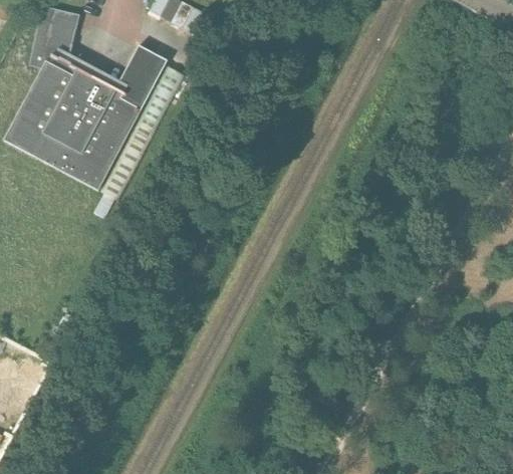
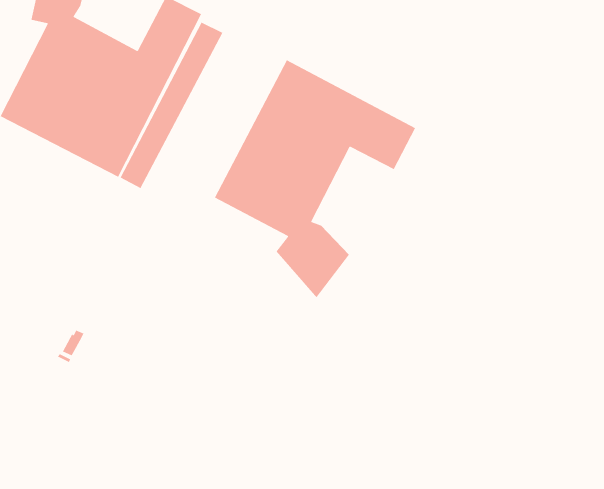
building: none -> [214,59,416,299]

